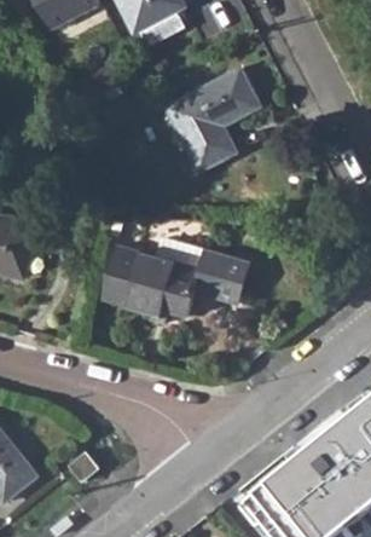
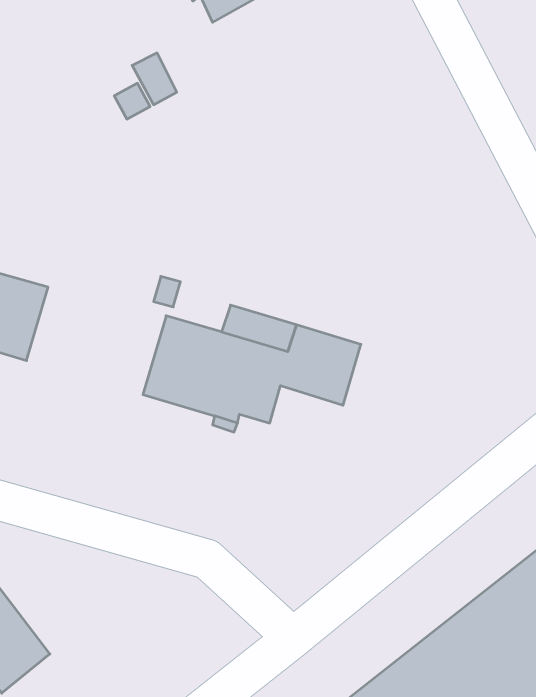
building: [166,64,259,168] -> none

